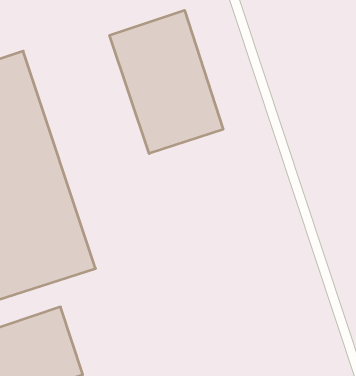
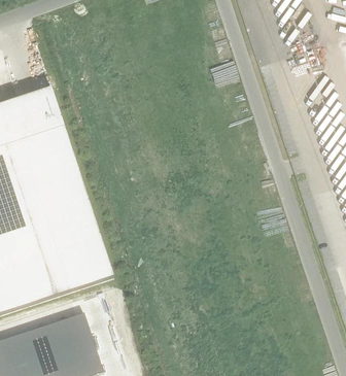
building: [110,10,223,154] -> none

